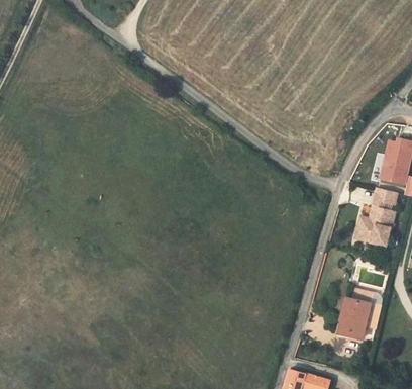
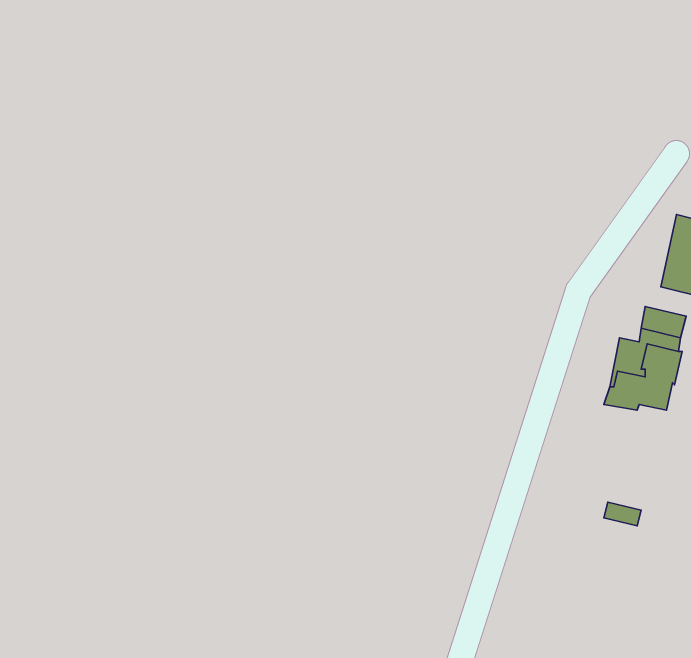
building: [344,298,373,338] -> none

